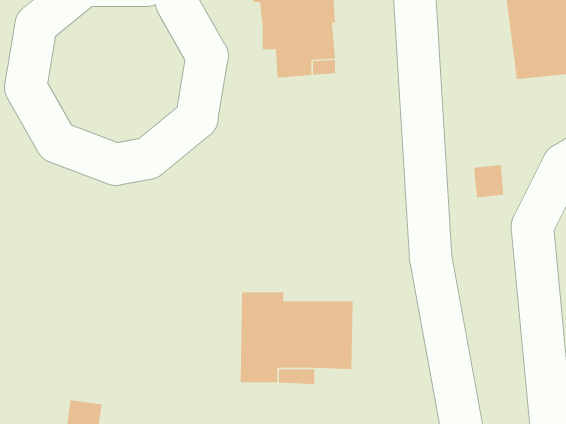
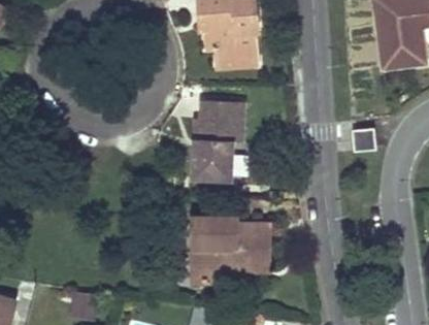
building: none -> [192,101,243,182]

